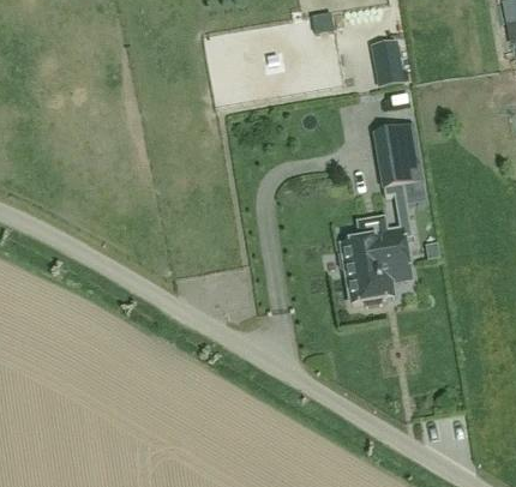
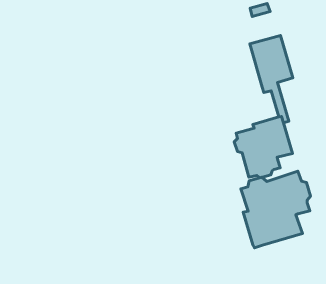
building: none -> [241,171,311,248]

